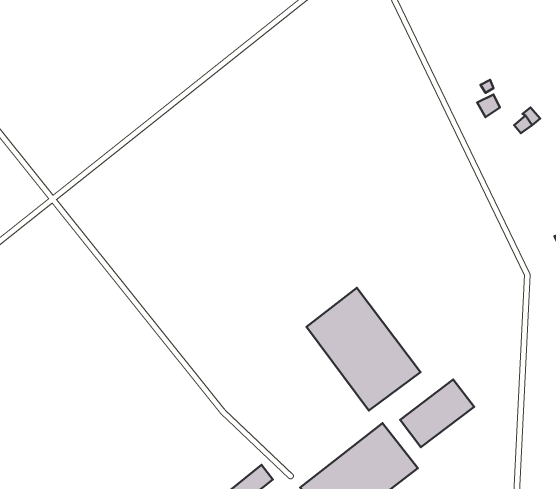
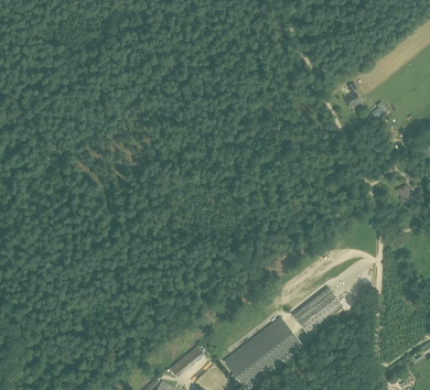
building: [307,288,421,411] -> none

